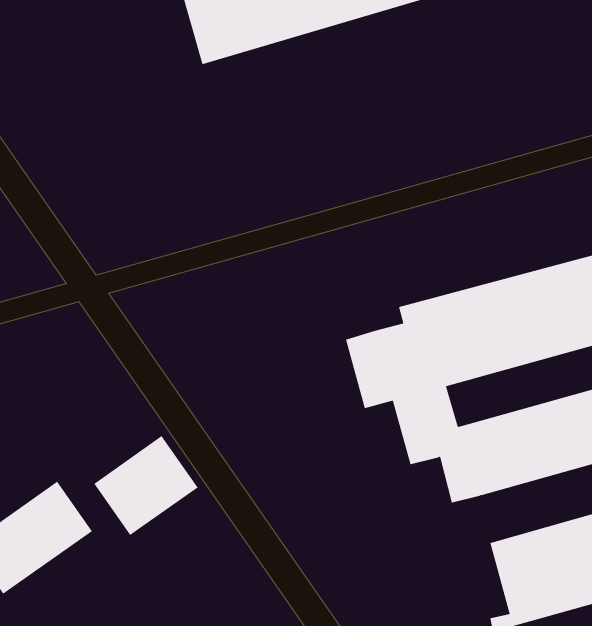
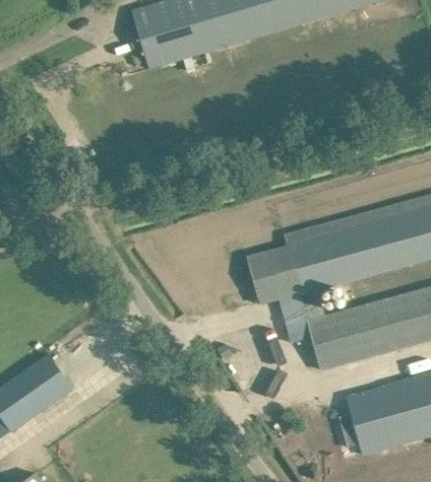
building: [93,435,199,536] -> none

